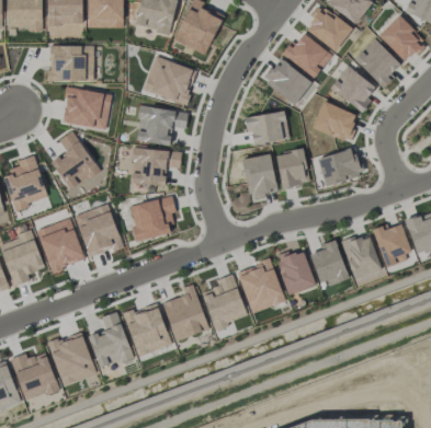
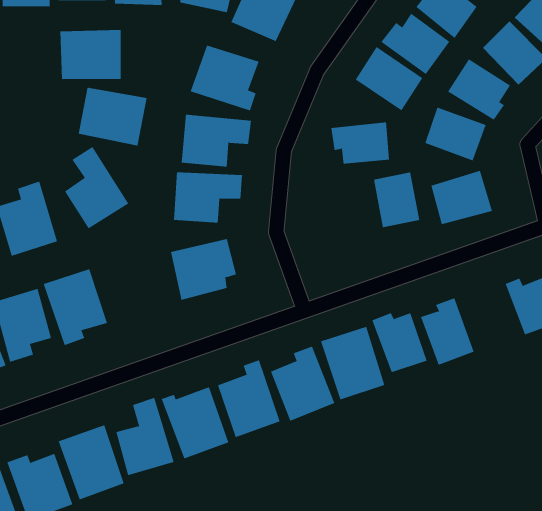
building: [241,153,277,197] -> none
building: [73,204,123,256] -> none
building: [342,233,382,278] -> none

